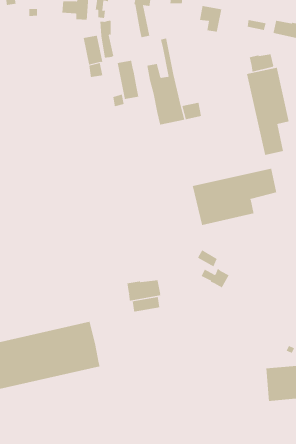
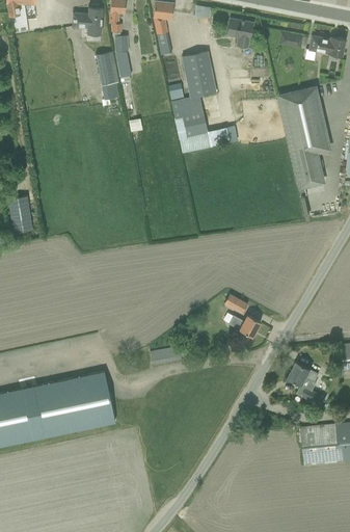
building: [249,53,274,72] -> none
building: [117,60,139,100] -> [190,50,215,95]
building: none -> [8,194,32,232]
building: [192,168,277,226] -> none
building: [127,279,161,301] -> none
building: none -> [289,361,325,403]

